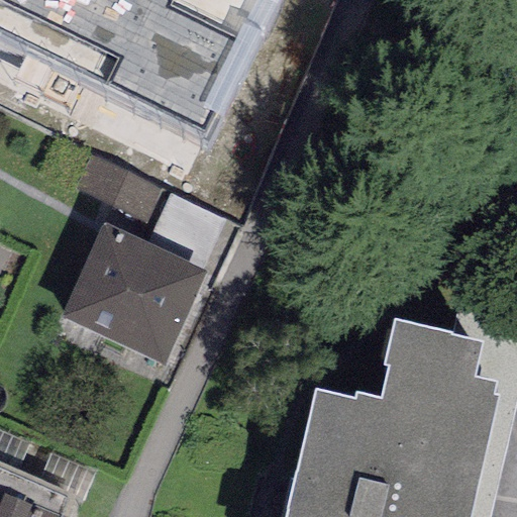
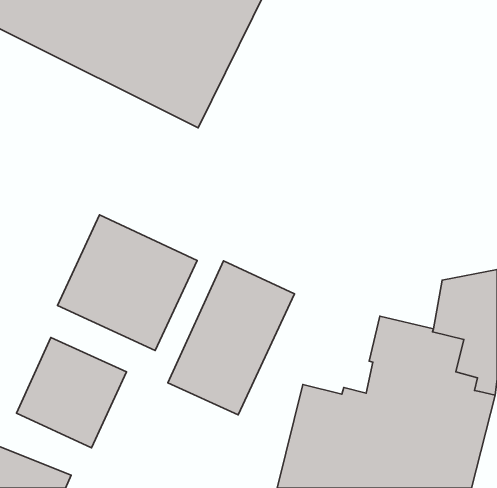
building: none -> [168,261,294,415]
building: none -> [16,338,127,448]

